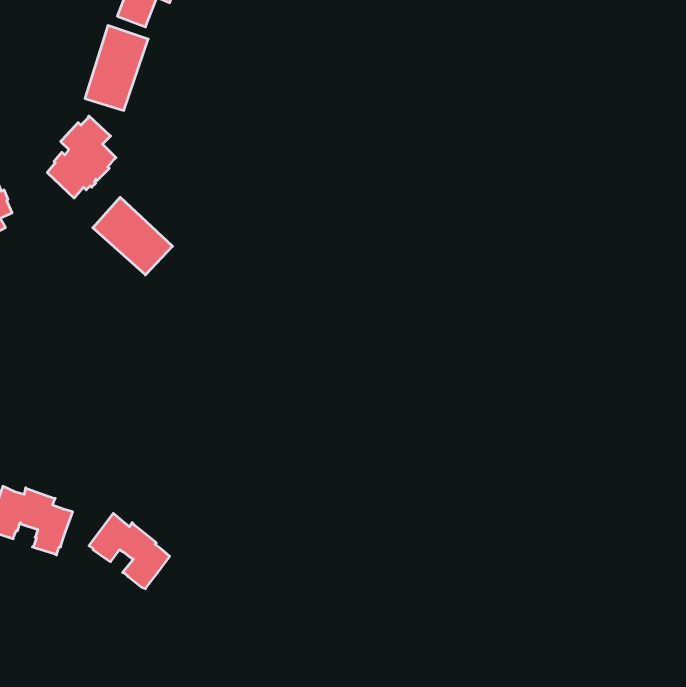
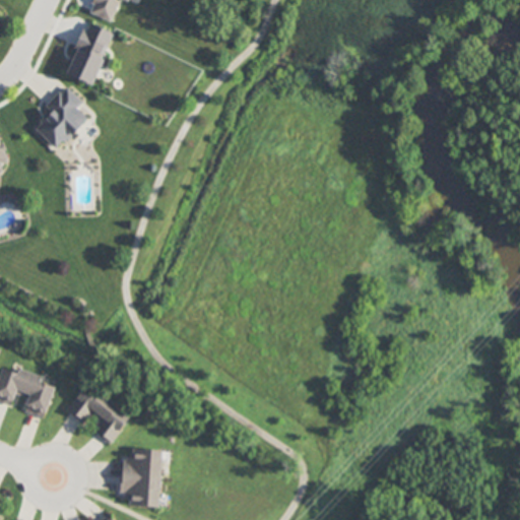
building: [93,197,173,275] -> none
building: none -> [120,448,161,507]

